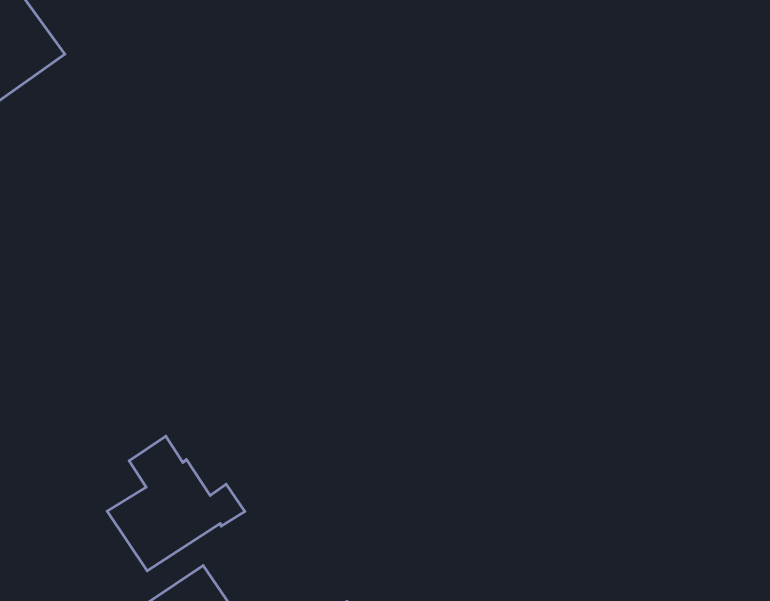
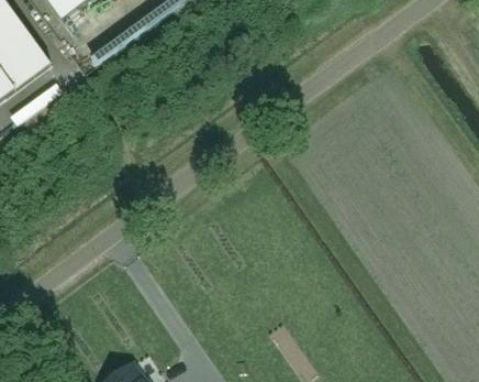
building: [107,436,245,571] -> none

